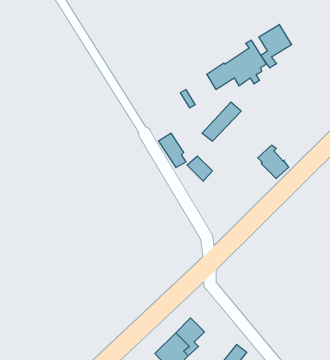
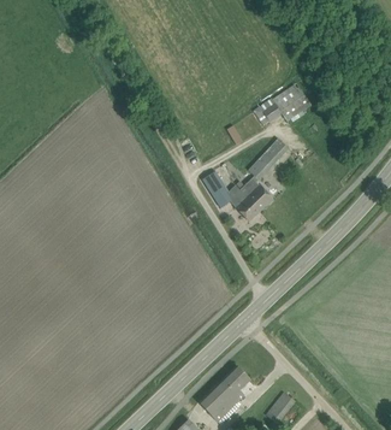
building: [259,24,292,68] -> none
building: [258,145,289,179] -> [239,176,272,211]

